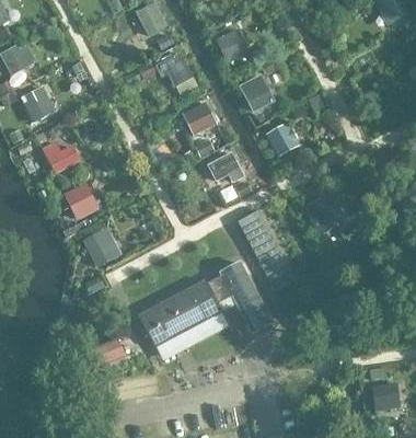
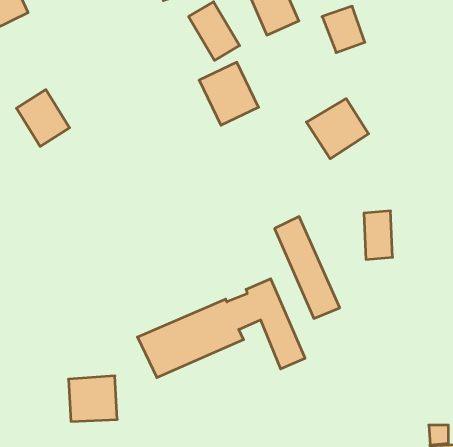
building: [241,73,276,111] -> [322,6,365,53]
building: [21,84,56,122] -> none
building: [209,150,244,183] -> none
building: [65,182,100,219] -> none
building: [83,227,122,266] -> none

